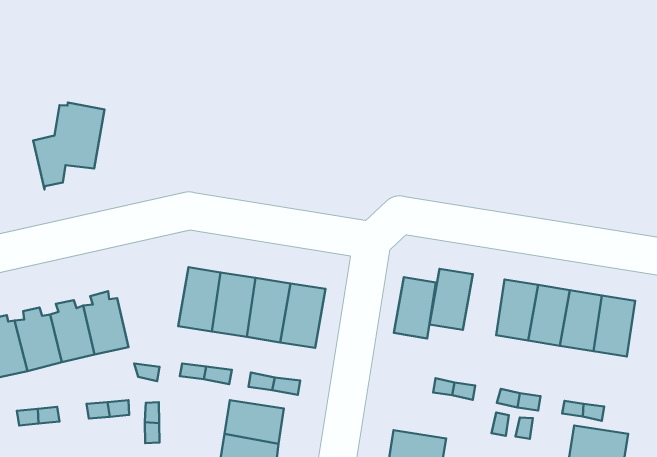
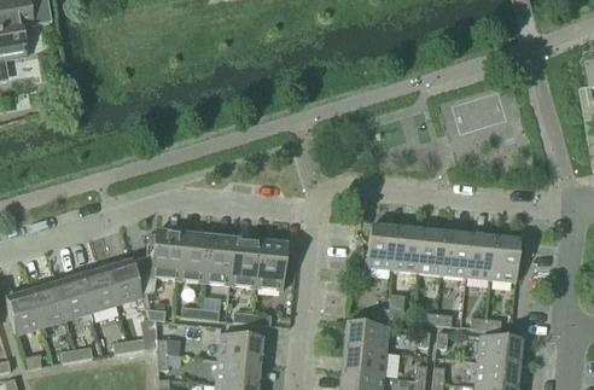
building: [33,102,104,189] -> [132,231,184,297]
building: [394,277,436,338] -> [392,226,421,270]
building: none -> [345,320,388,350]

